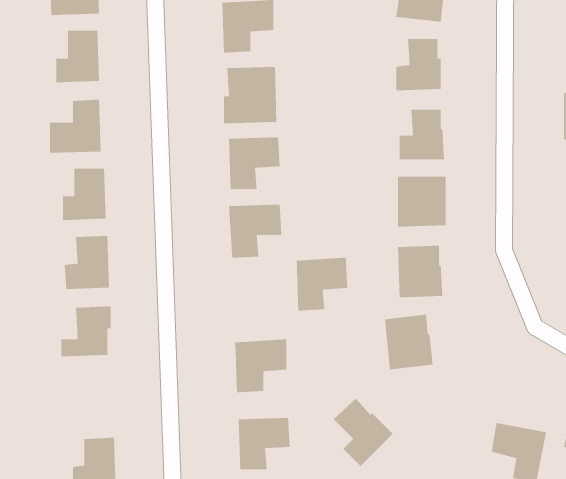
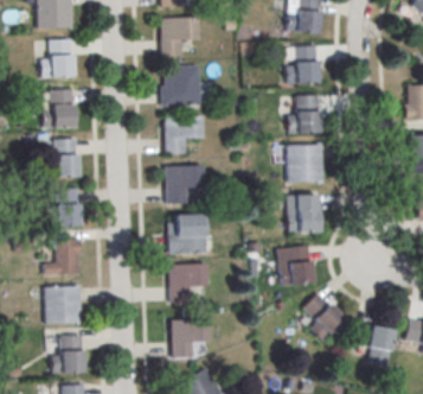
building: [296,257,348,311] -> [169,214,207,253]
building: none -> [46,285,83,324]
building: [333,398,393,467] -> [303,292,347,342]

